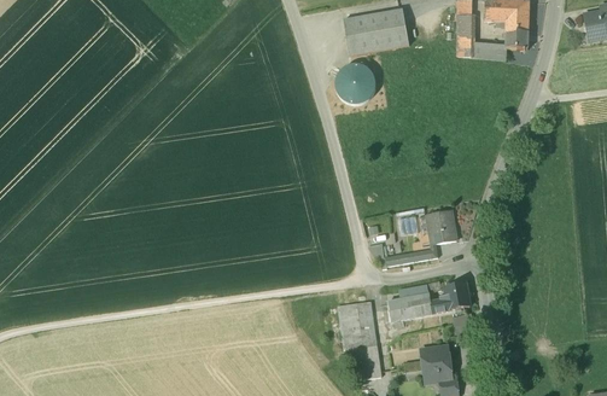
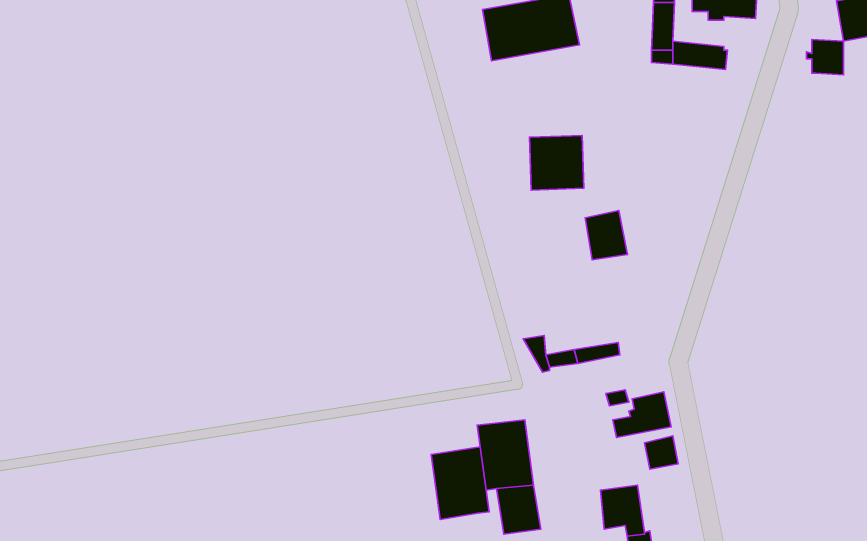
building: [502,24,527,48] -> [807,40,844,75]
building: [332,63,369,100] -> [529,136,584,190]
building: [427,209,456,243] -> [585,211,627,260]
building: [387,293,432,320] -> none
building: none -> [431,447,489,520]

